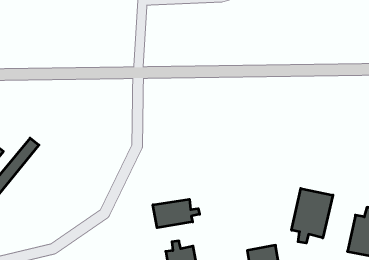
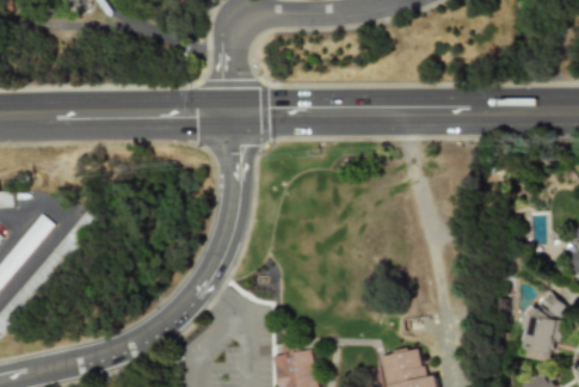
building: [292,188,333,243] -> none
building: [153,199,200,228] -> none

